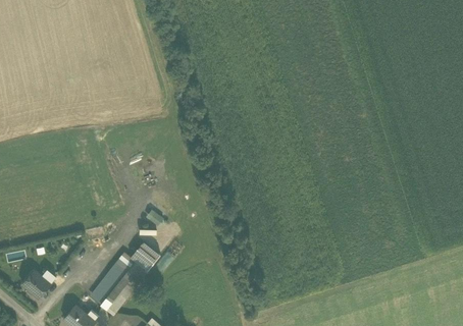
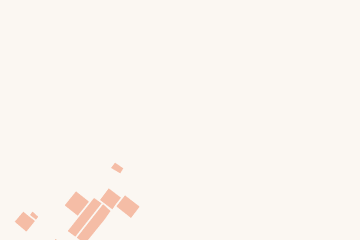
building: none -> [63,190,90,217]
building: none -> [115,194,141,219]

